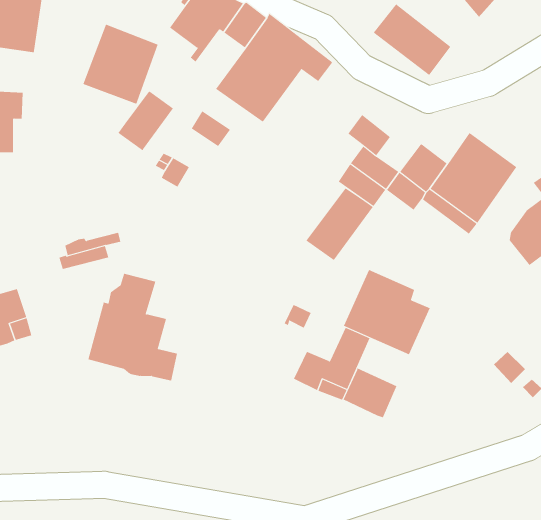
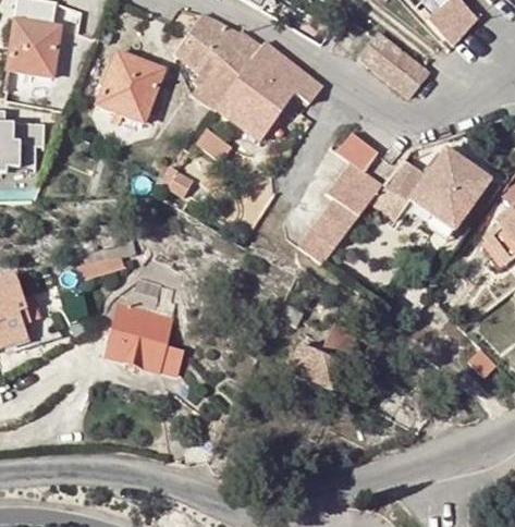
building: [117,91,174,151] -> [192,56,243,110]
building: [343,269,430,355] -> none
building: [343,368,397,418] -> none

